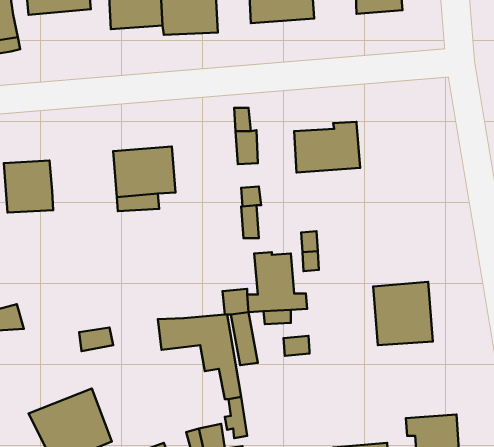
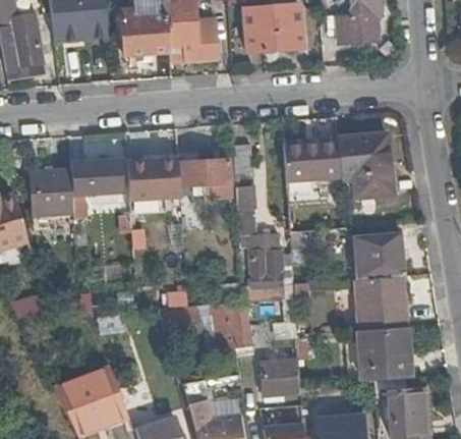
building: none -> [338,132,392,197]
building: none -> [72,159,122,196]
building: none -> [181,159,231,197]
building: none -> [354,231,404,275]
building: none -> [356,326,408,380]
building: none -> [263,356,301,393]

